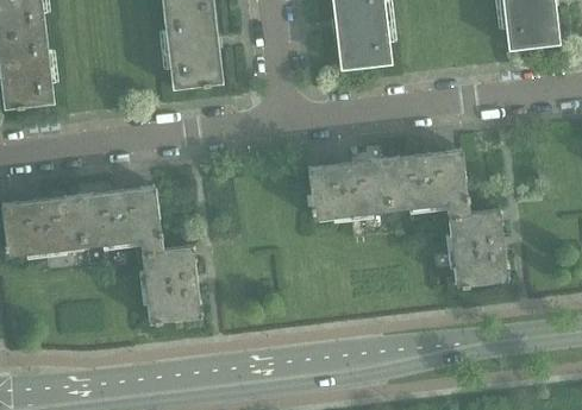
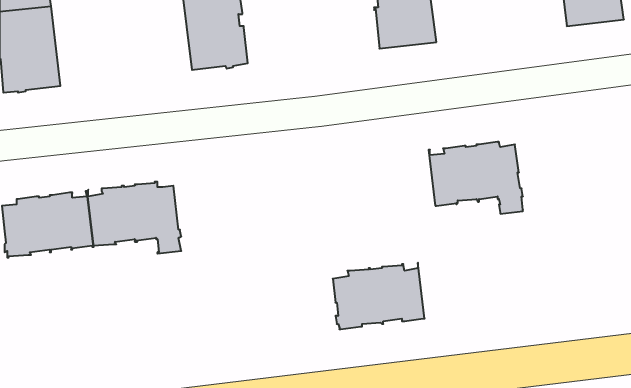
building: [308,159,390,219] -> [333,263,425,329]
building: [449,210,506,286] -> none
building: [142,246,199,323] -> none

